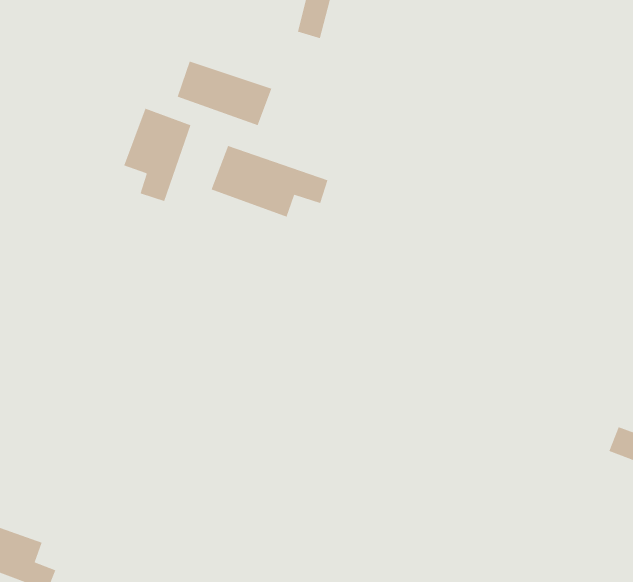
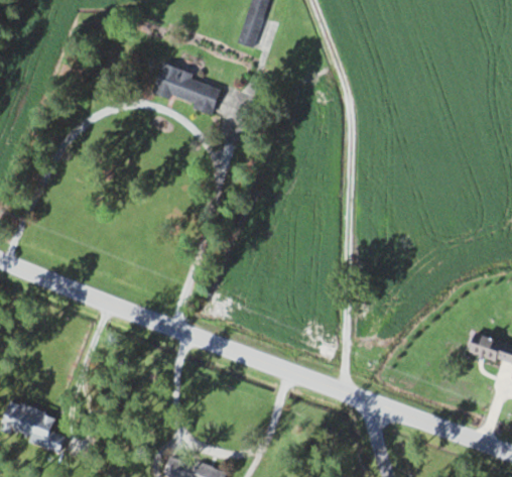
building: [124,108,191,202] -> none
building: [211,145,328,217] -> none

